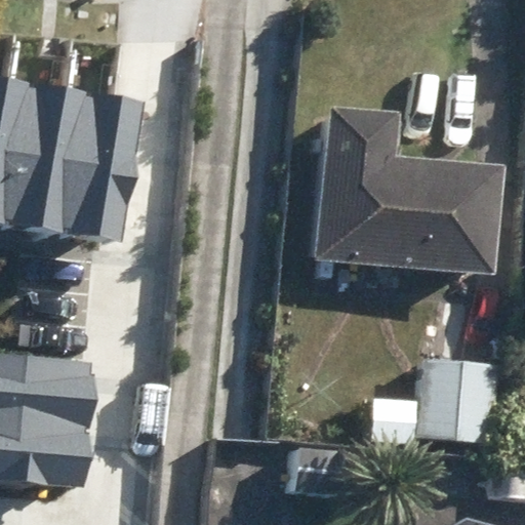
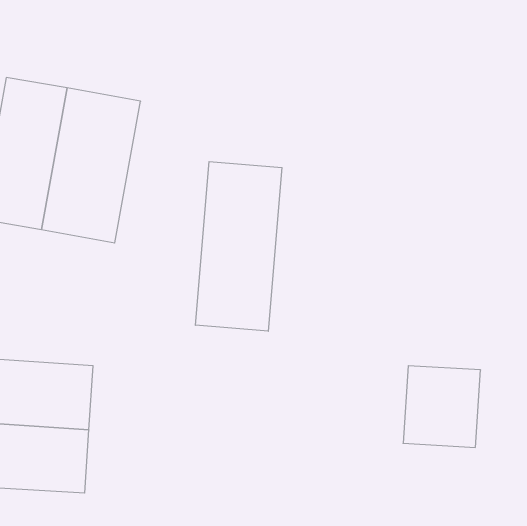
building: [321,107,502,273] -> none
building: none -> [195,162,282,331]

